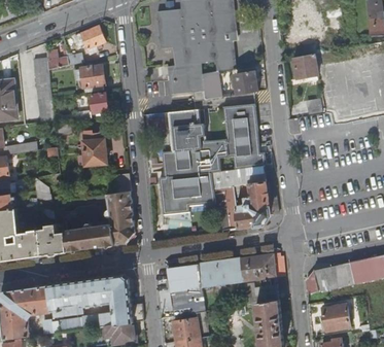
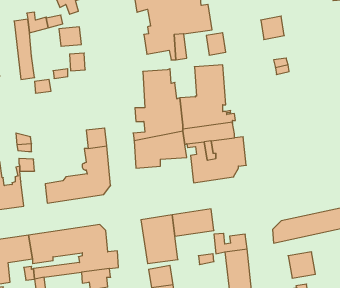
building: [81,131,106,165] -> none
building: [39,223,67,254] -> none
building: [240,253,275,282] -> none

